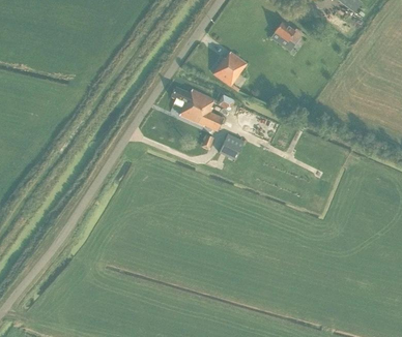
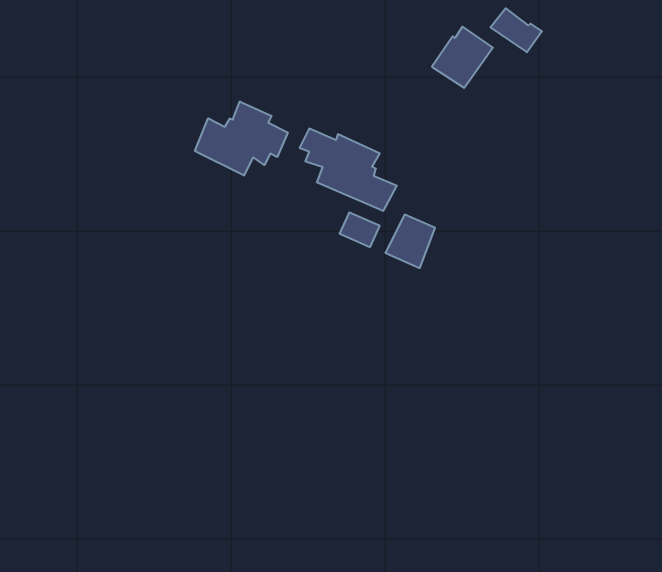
building: [212,52,246,85] -> [432,27,493,88]
building: none -> [195,101,288,176]

